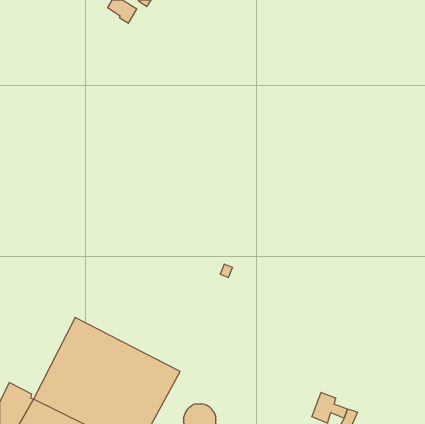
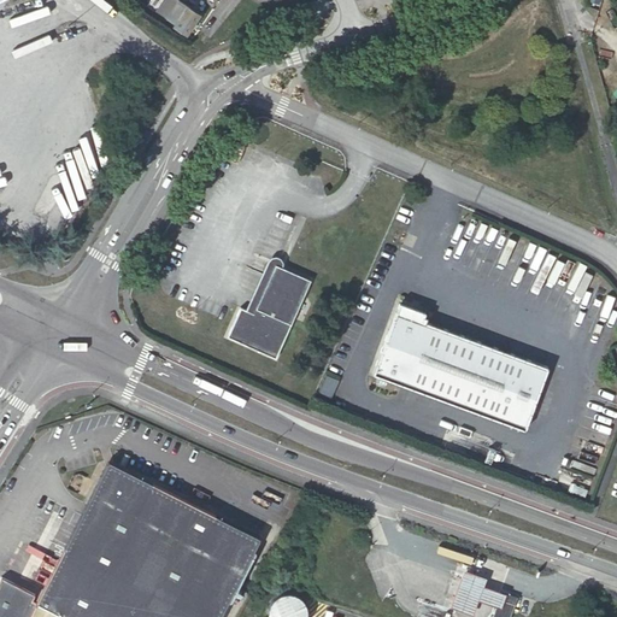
building: none -> [228,268,311,362]
building: none -> [372,308,547,431]

